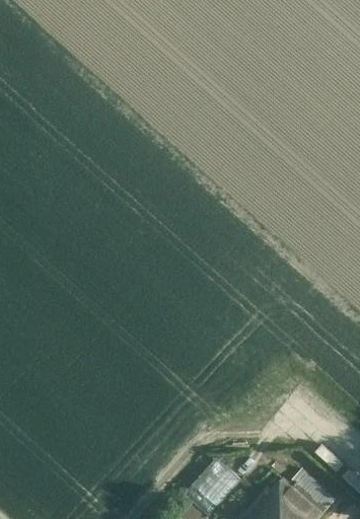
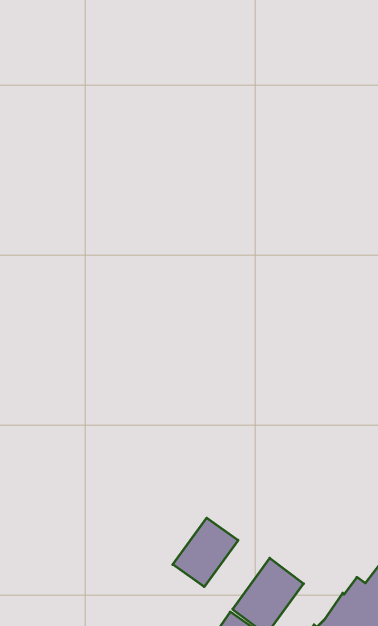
building: none -> [173,518,238,587]

